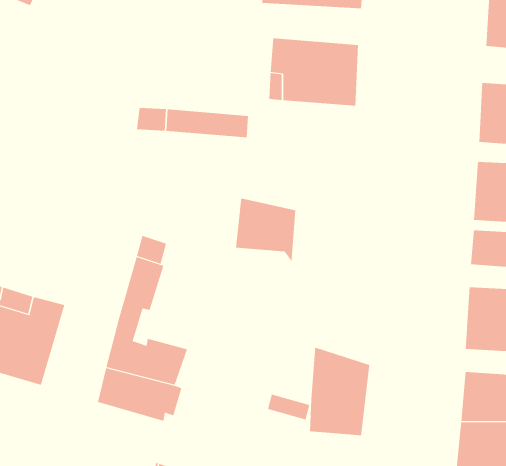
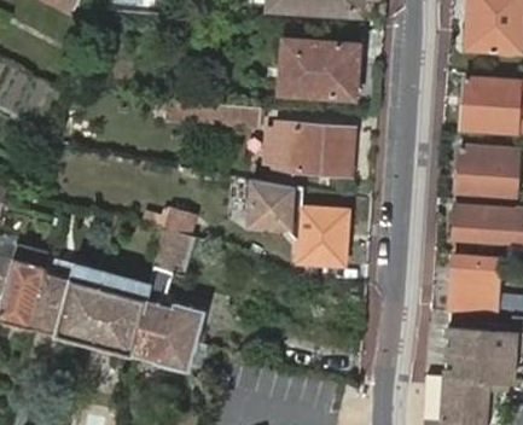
building: none -> [267,123,351,177]
building: none -> [81,272,147,356]
building: [309,347,370,436] -> [297,190,350,267]

